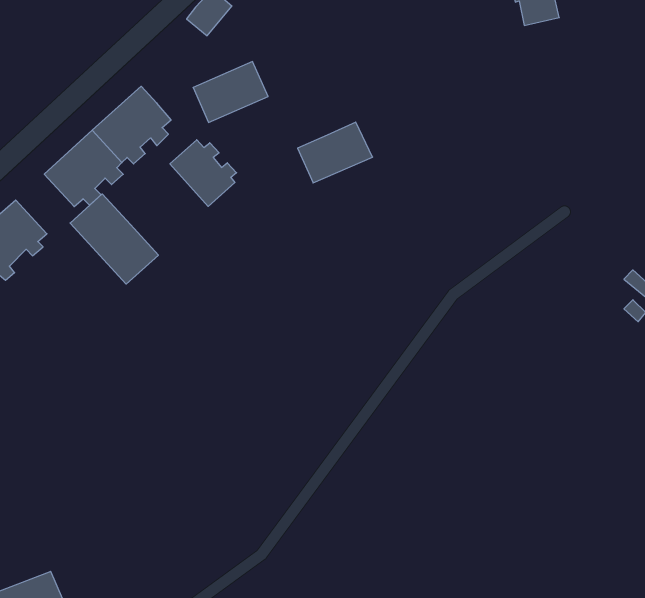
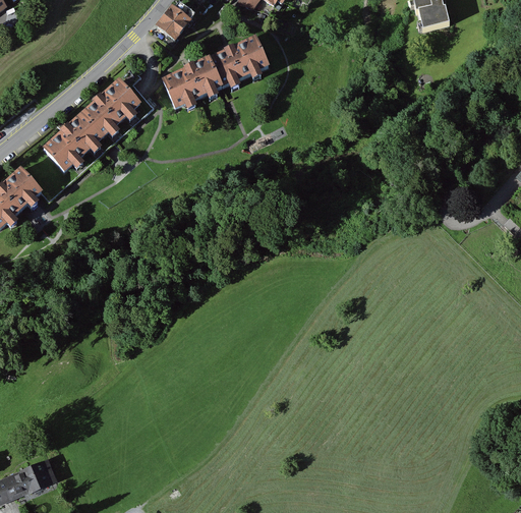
building: [298,122,373,183] -> [208,38,267,86]
building: [170,140,237,206] -> none
building: [70,194,158,284] -> none

